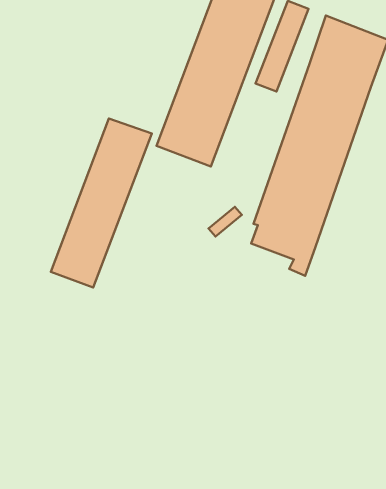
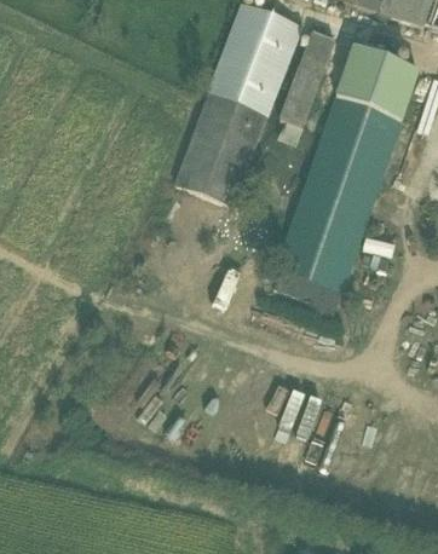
building: [51,118,152,288] -> none

